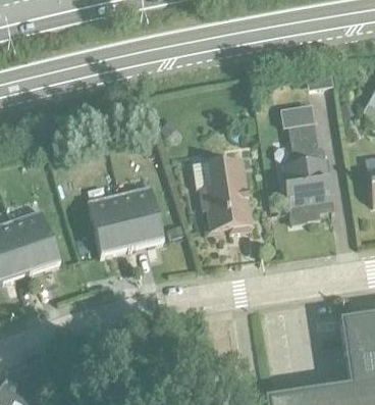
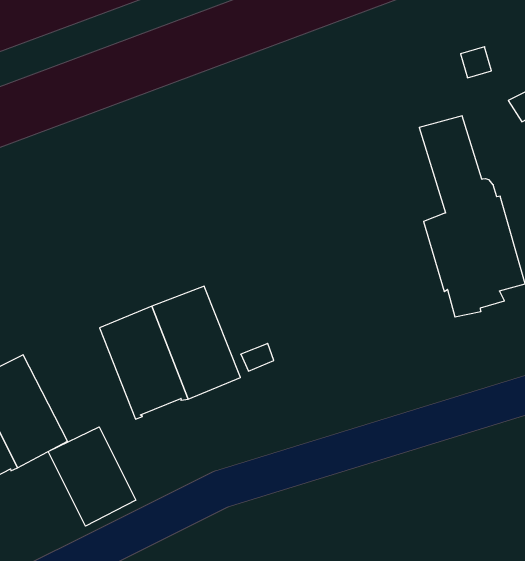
building: [193,158,254,232] -> none
building: none -> [48,427,136,526]

